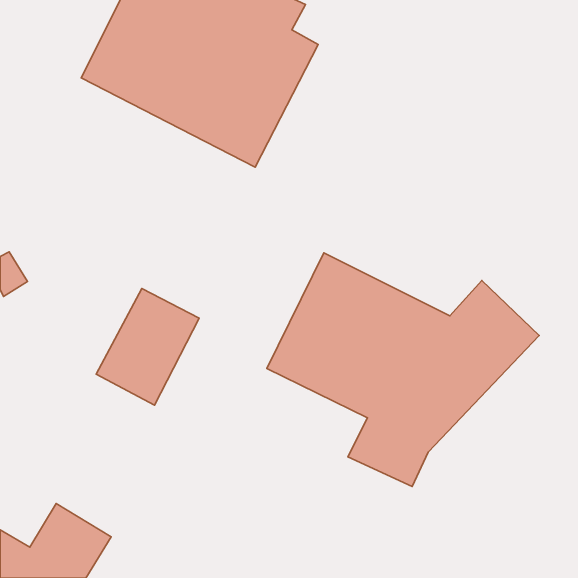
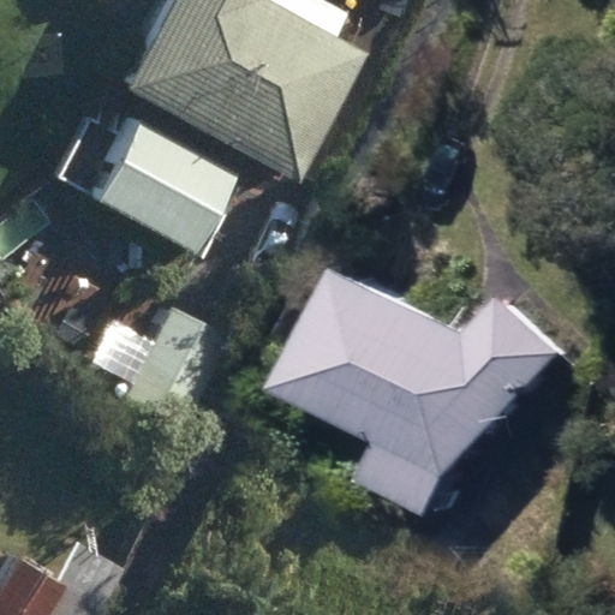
building: none -> [44,113,220,249]

